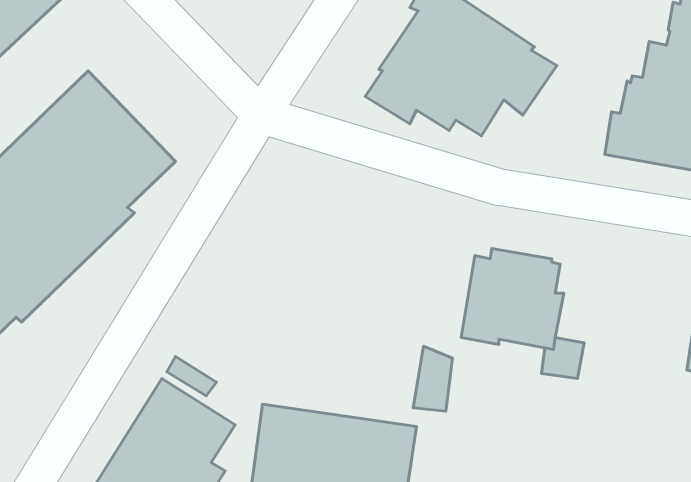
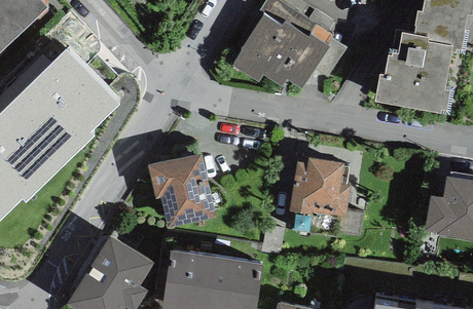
building: none -> [148,153,215,227]

